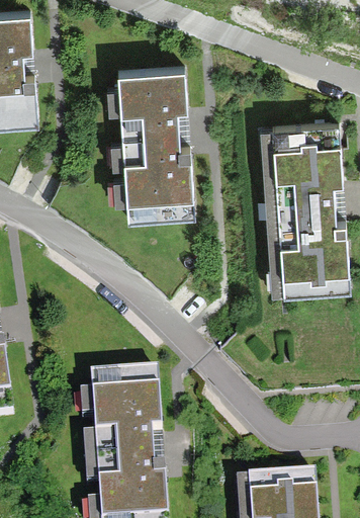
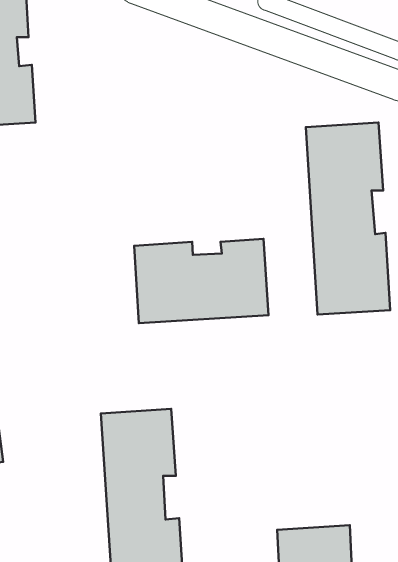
building: [118,68,194,221] -> none
building: none -> [134,239,268,323]

